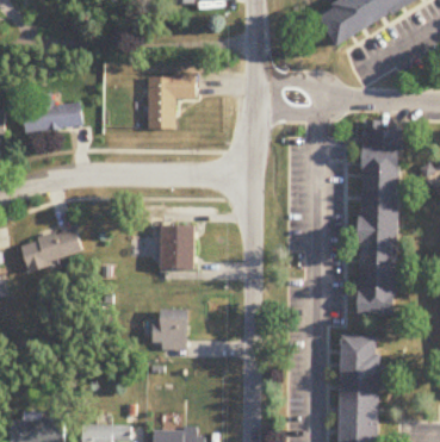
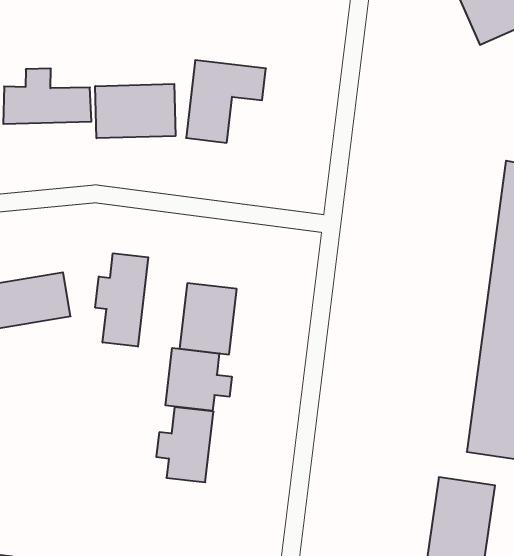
building: none -> [95,84,175,138]
building: none -> [95,253,148,347]
building: none -> [166,348,232,411]

